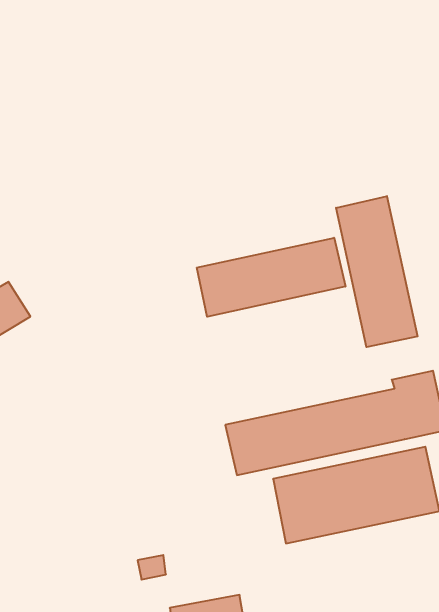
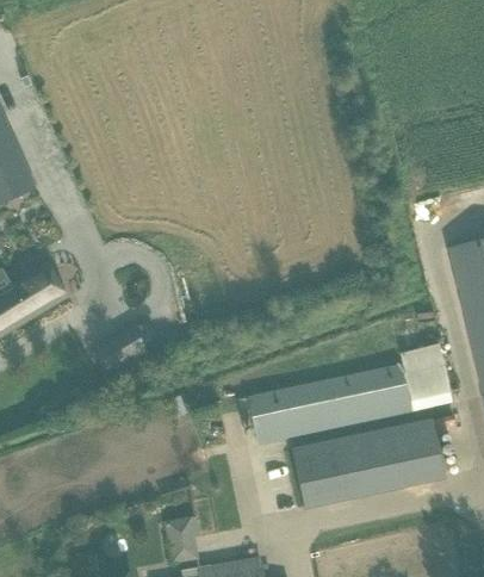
building: [336,196,418,347] -> none
building: [197,238,345,317] -> none

